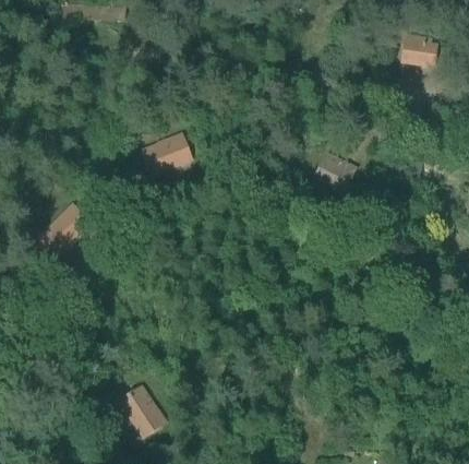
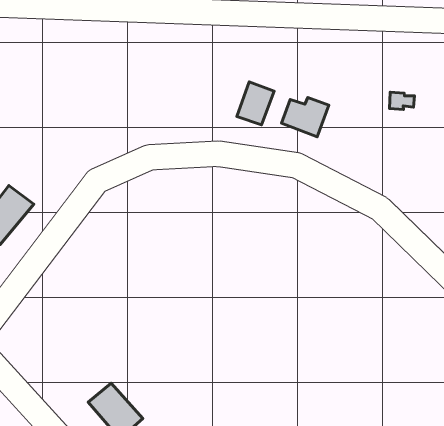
building: none -> [237,82,274,125]
building: [144,139,191,174] -> none

